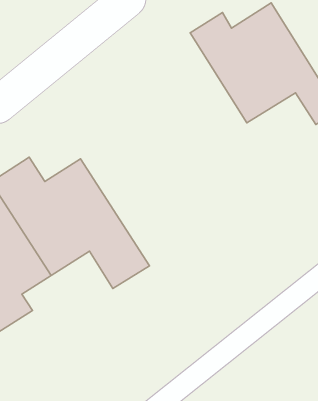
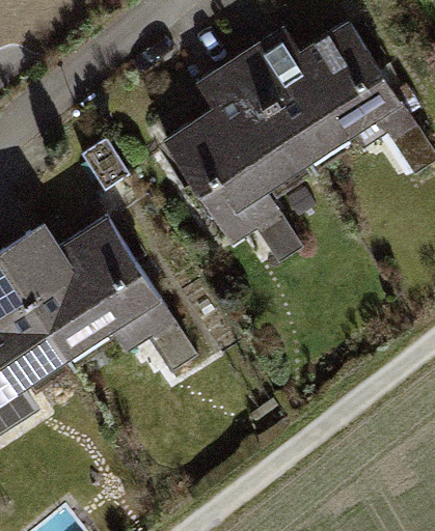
building: none -> [167,53,317,260]

